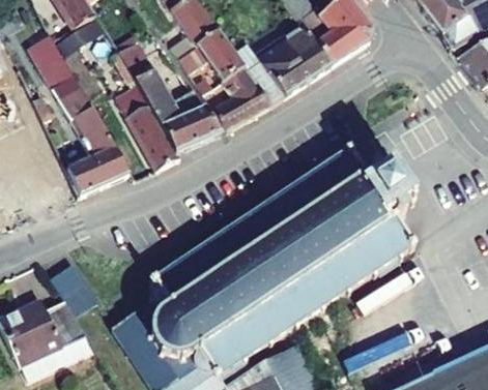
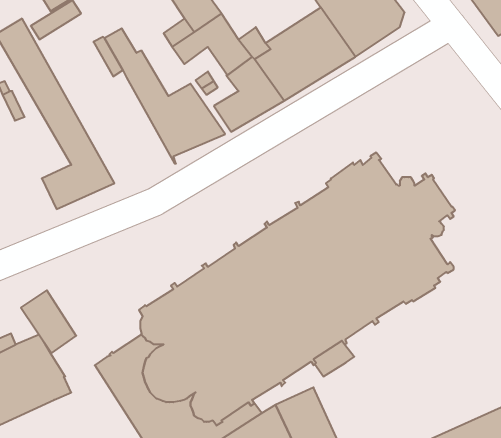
building: [114,83,178,169] -> none

